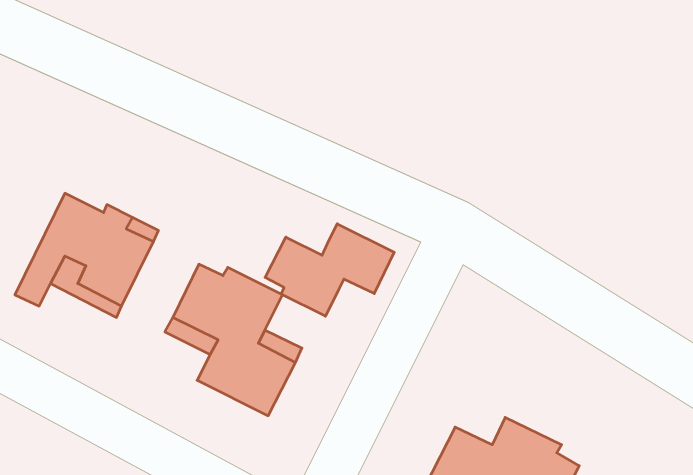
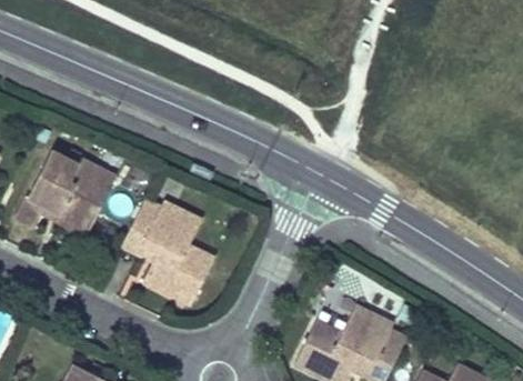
building: [265,224,394,316] -> none

